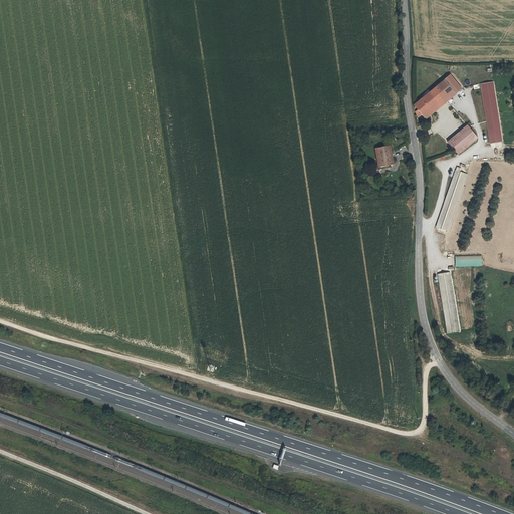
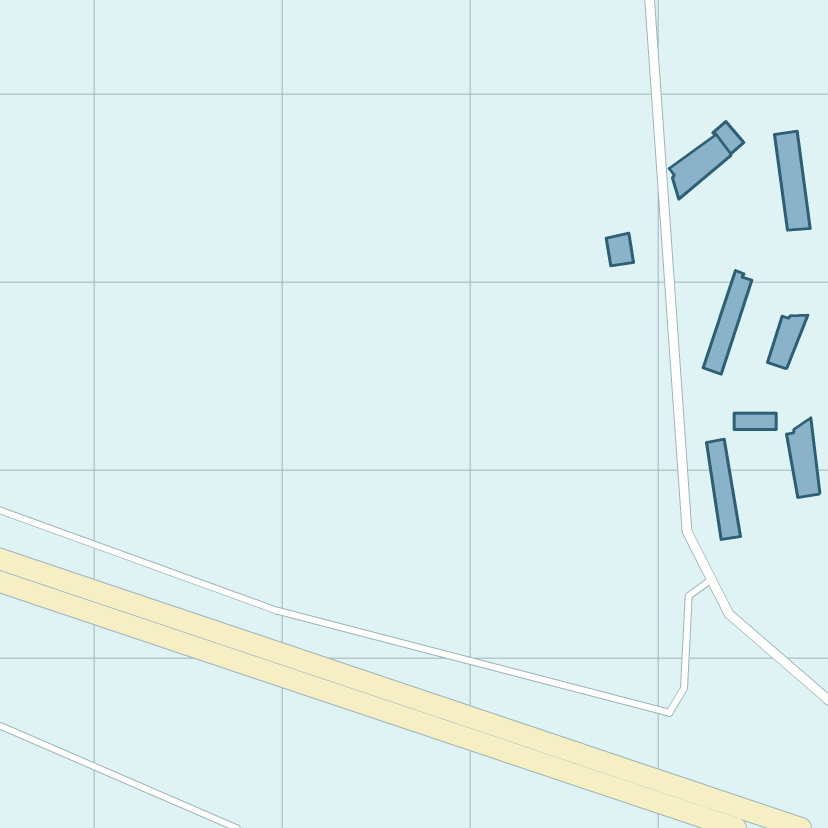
building: [449,120,481,152] -> none
building: none -> [768,315,808,369]
building: none -> [786,418,820,498]

